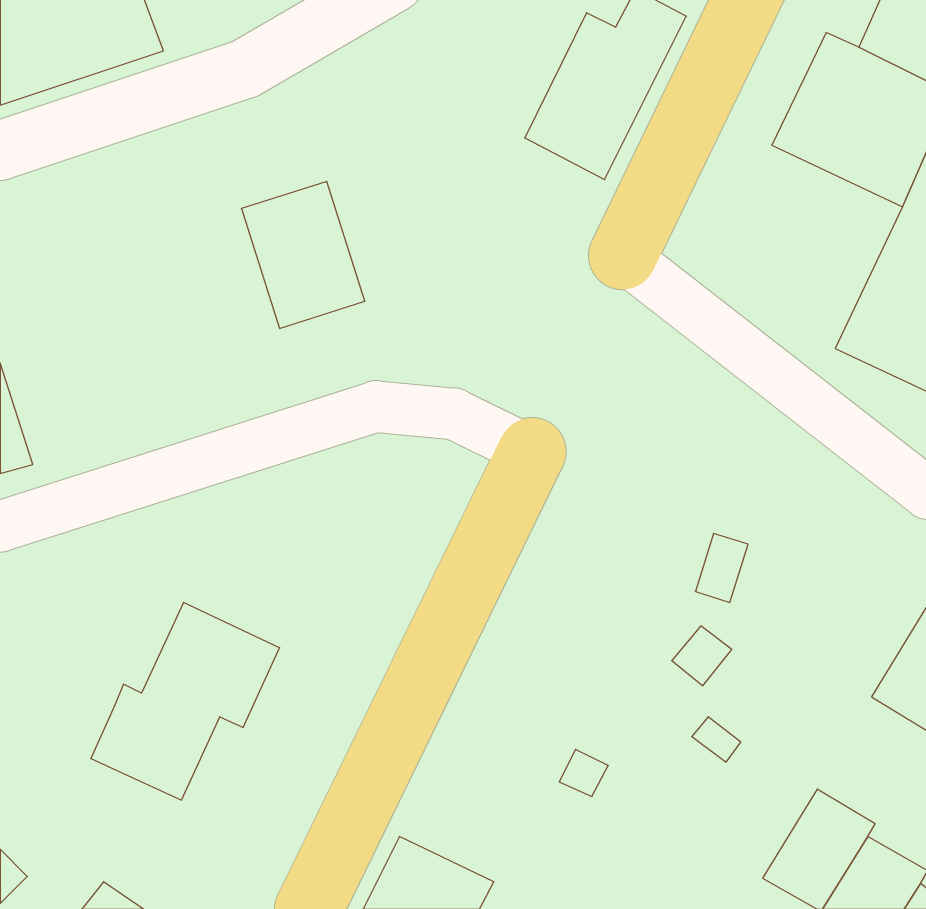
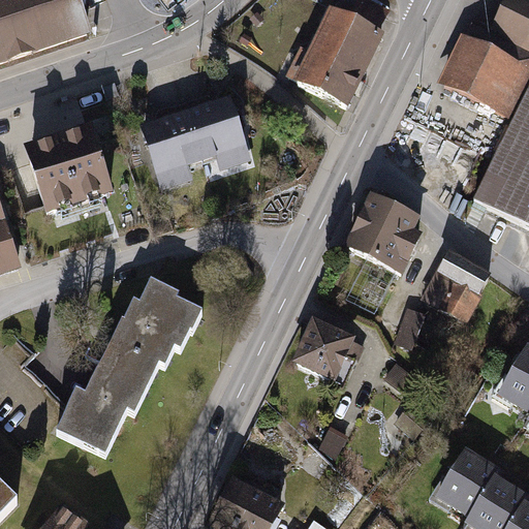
building: none -> [187,90,252,172]
building: none -> [19,122,111,214]
building: none -> [341,192,426,276]
building: none -> [419,250,489,321]
building: none -> [105,278,200,369]
building: none -> [290,316,364,386]

